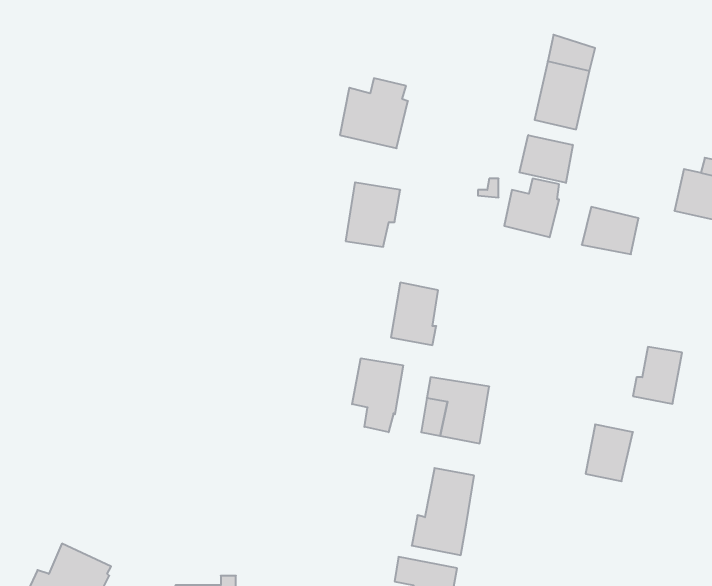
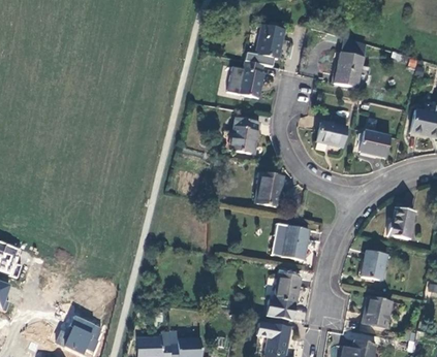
building: none -> [256,24,284,58]
building: [519,135,573,183] -> none
building: [352,358,403,432] -> none
building: none -> [363,296,392,327]

